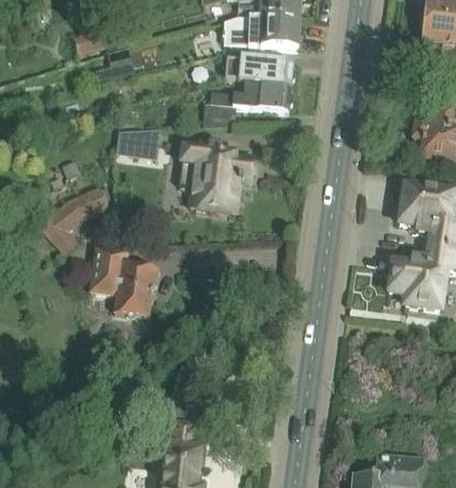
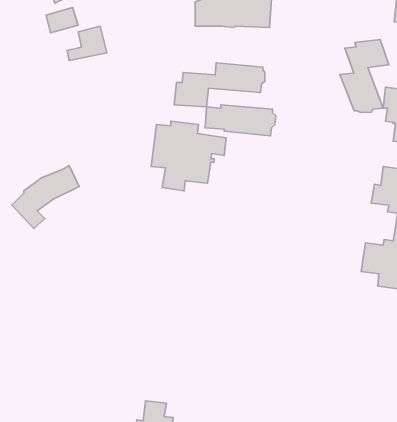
building: [225,54,296,85] -> [205,105,276,136]
building: none -> [340,40,389,112]
building: [116,125,161,155] -> none
building: [91,245,156,315] -> none

